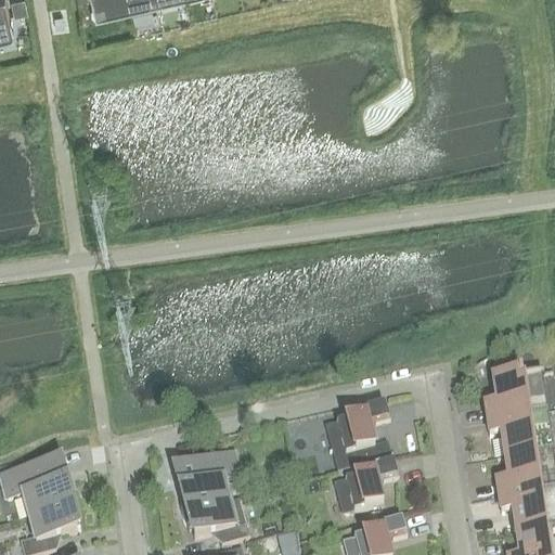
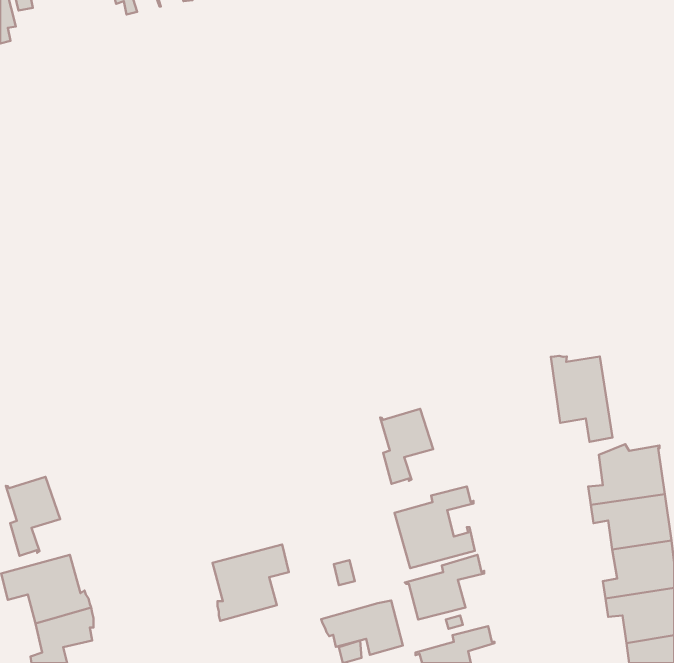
building: none -> [551,356,612,442]
building: none -> [380,409,433,484]
building: none -> [6,477,60,556]
building: [181,495,248,540] -> [321,601,403,655]

